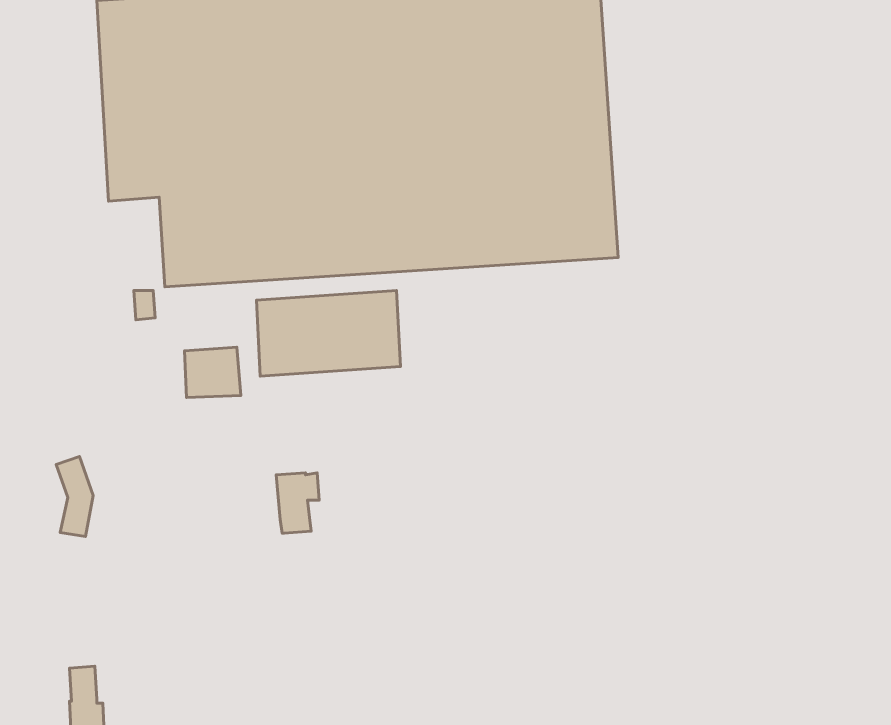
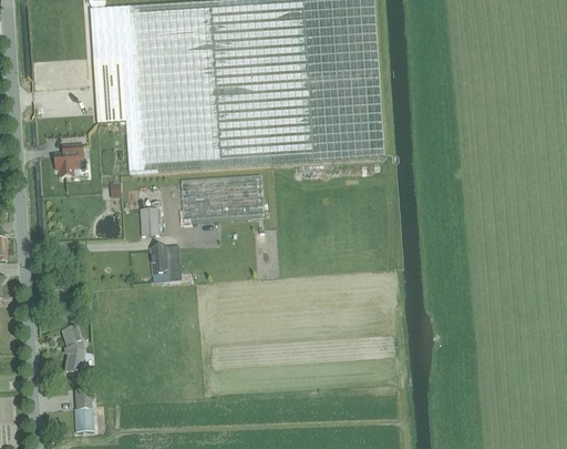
building: none -> [54,143,83,176]
building: [56,457,93,536] -> [62,326,83,371]
building: [276,473,319,533] -> [150,246,174,280]

